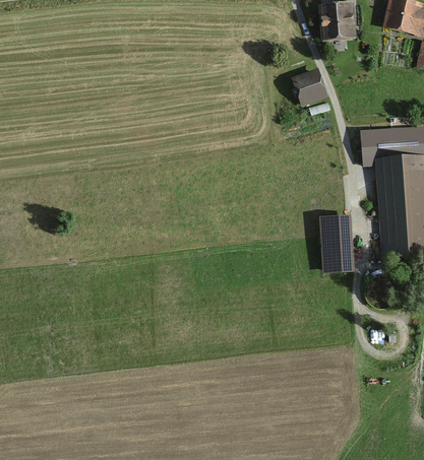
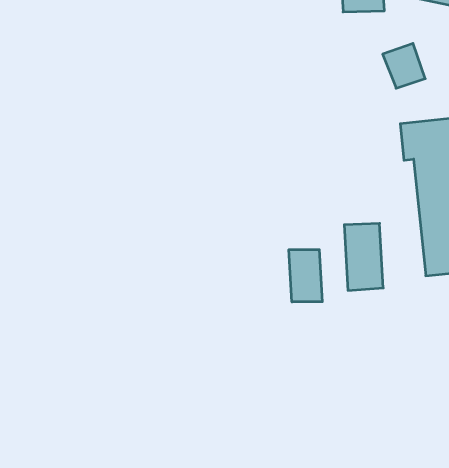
building: [290,66,325,104] -> [383,43,425,88]
building: none -> [289,250,322,302]

